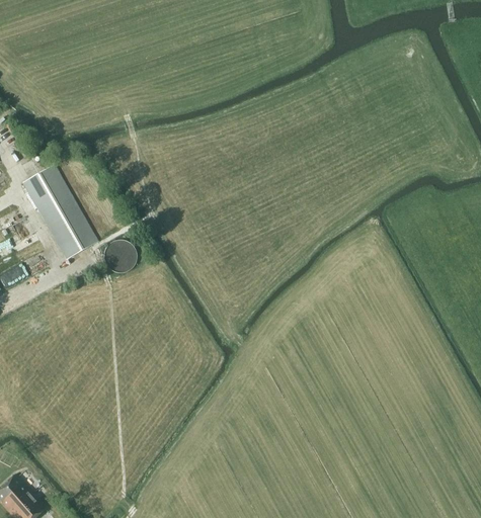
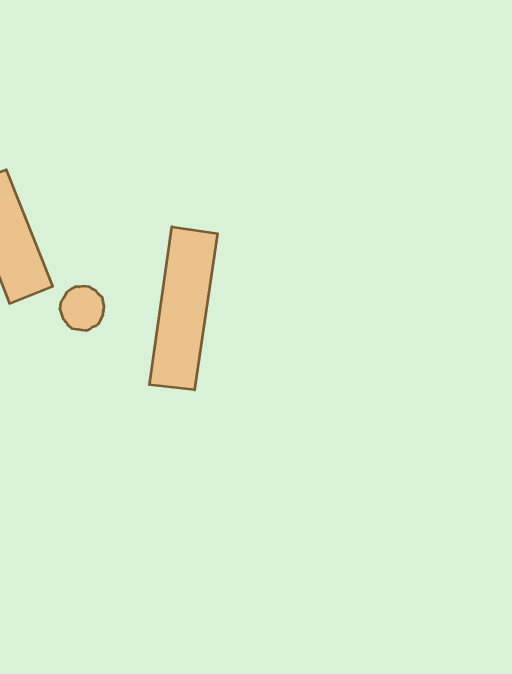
building: none -> [149,227,218,390]

